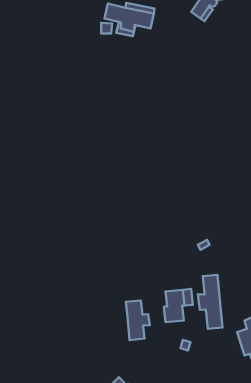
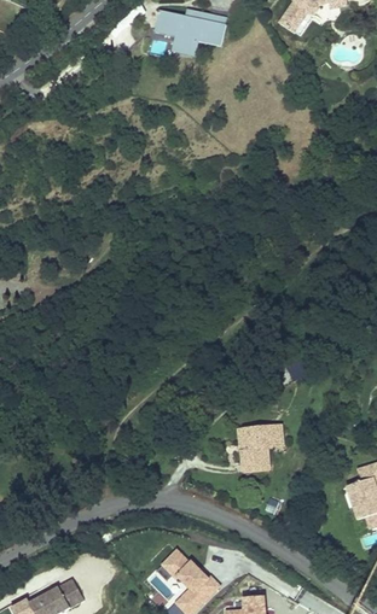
building: [198,275,223,329] -> none
building: [126,300,150,340] -> none

